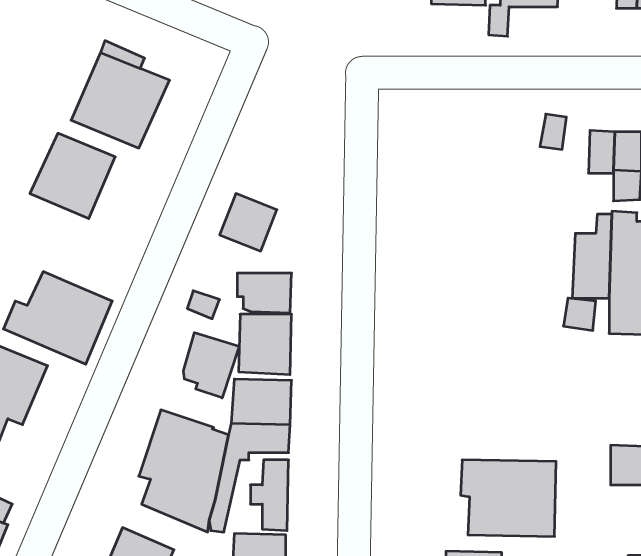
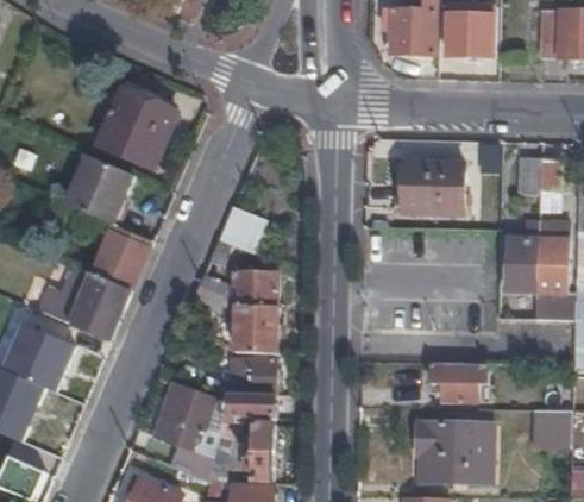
building: none -> [400,162,463,211]
building: none -> [92,232,147,293]
building: [183,333,239,398] -> none
building: none -> [428,362,485,400]

